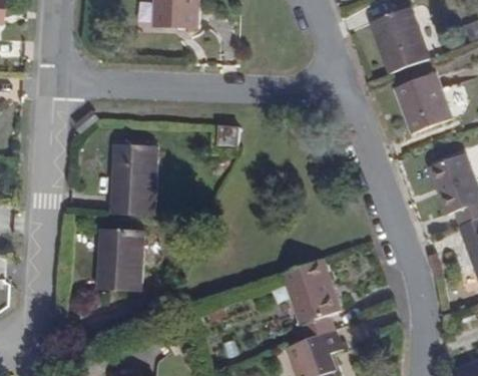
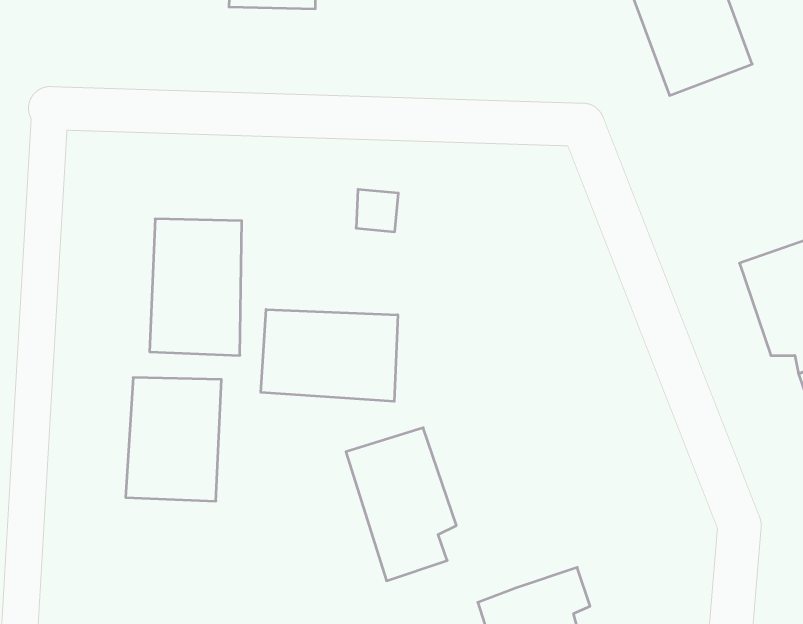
building: [396,72,456,134] -> none
building: none -> [261,309,398,401]
building: [286,259,346,342] -> [346,428,456,581]

